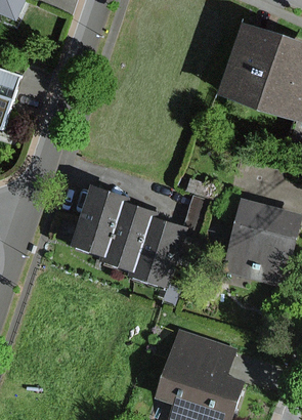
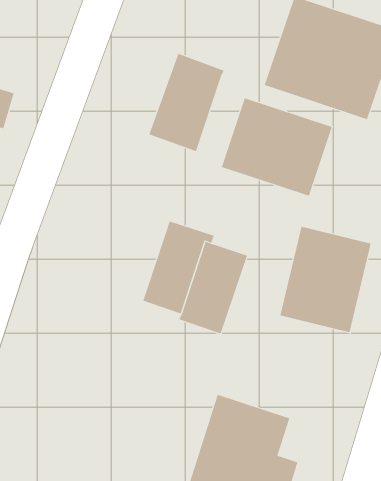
building: none -> [221,97,332,197]
building: [81,181,139,257] -> [149,53,225,152]

